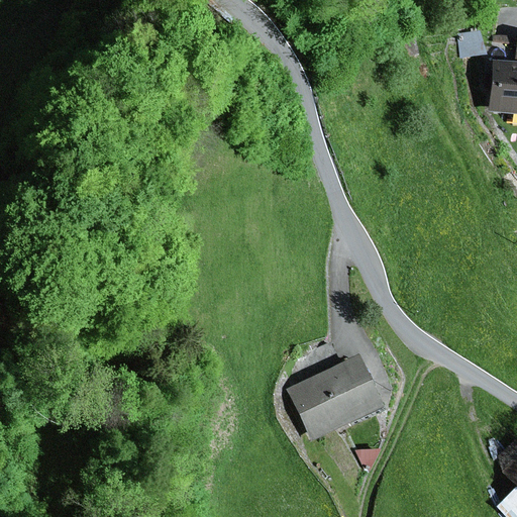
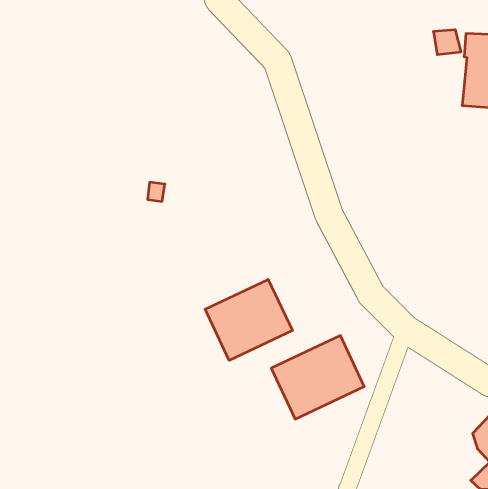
building: none -> [205,279,292,360]

